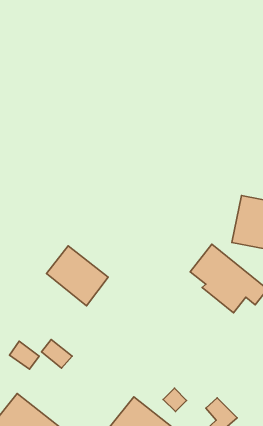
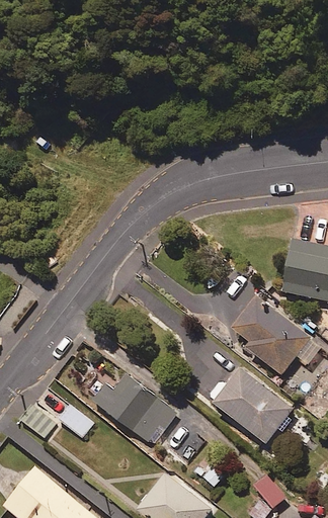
building: [47,246,108,306] -> [100,372,172,442]
building: none -> [213,365,294,441]

